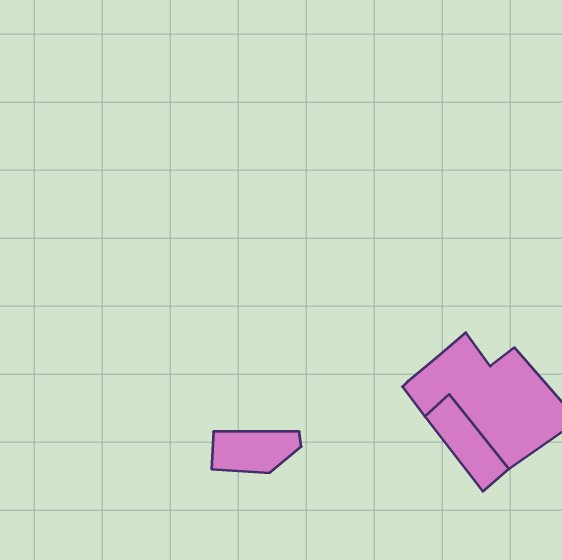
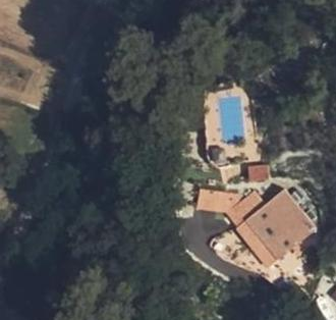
building: [212,432,301,473] -> [198,190,246,212]

